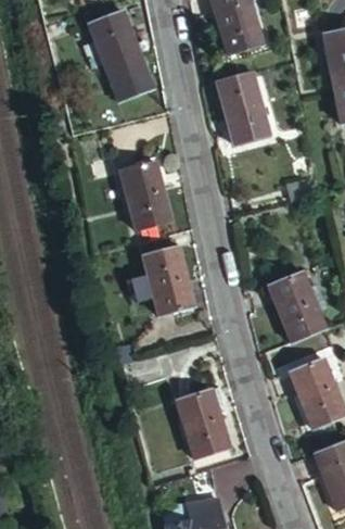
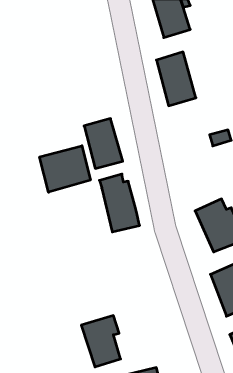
building: [81,11,153,100] -> none
building: none -> [40,146,90,192]
building: [176,388,229,457] -> [81,316,121,367]

